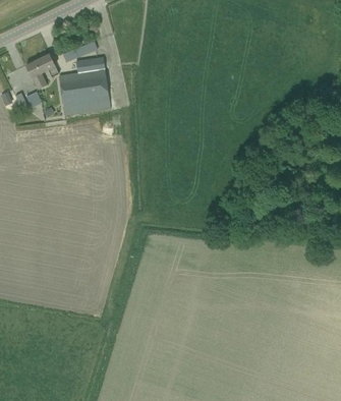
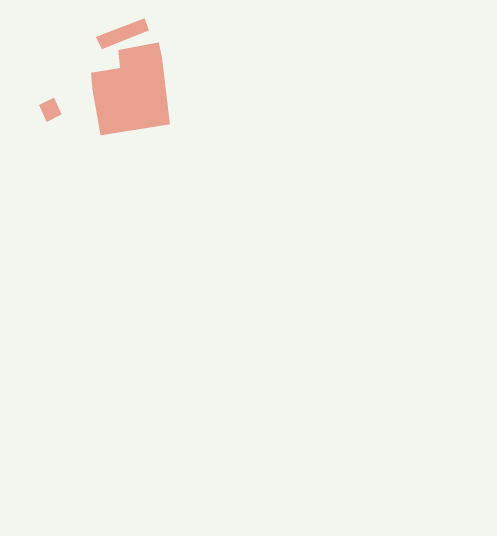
building: [25,53,59,89] -> none

